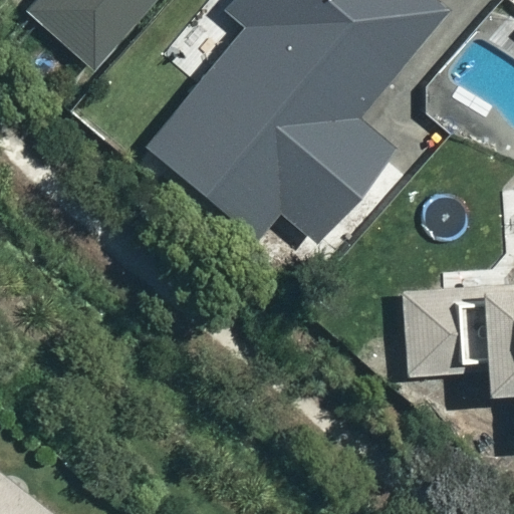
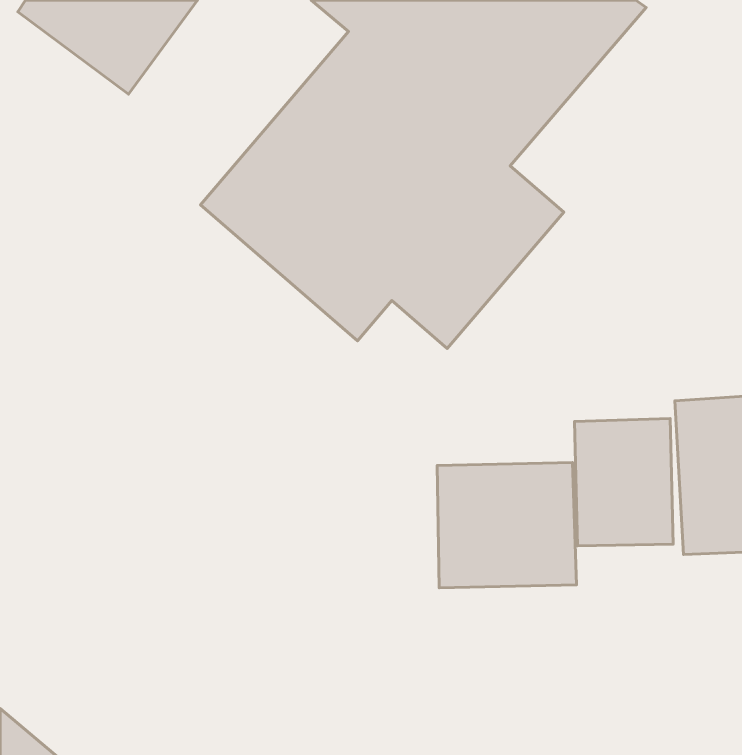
building: none -> [437,462,576,588]

